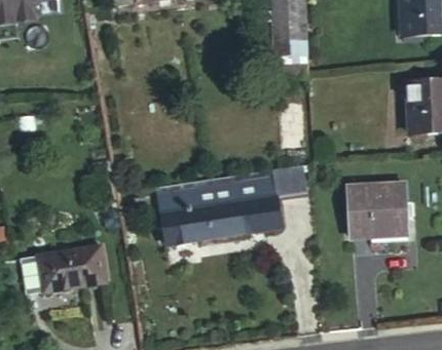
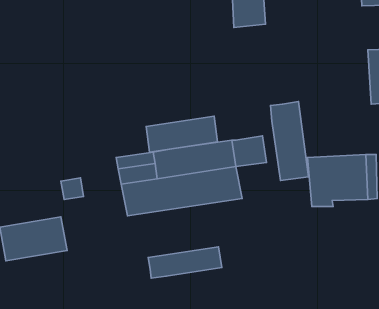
building: none -> [270,102,309,181]
building: none -> [146,116,217,152]
building: none -> [148,247,222,278]

